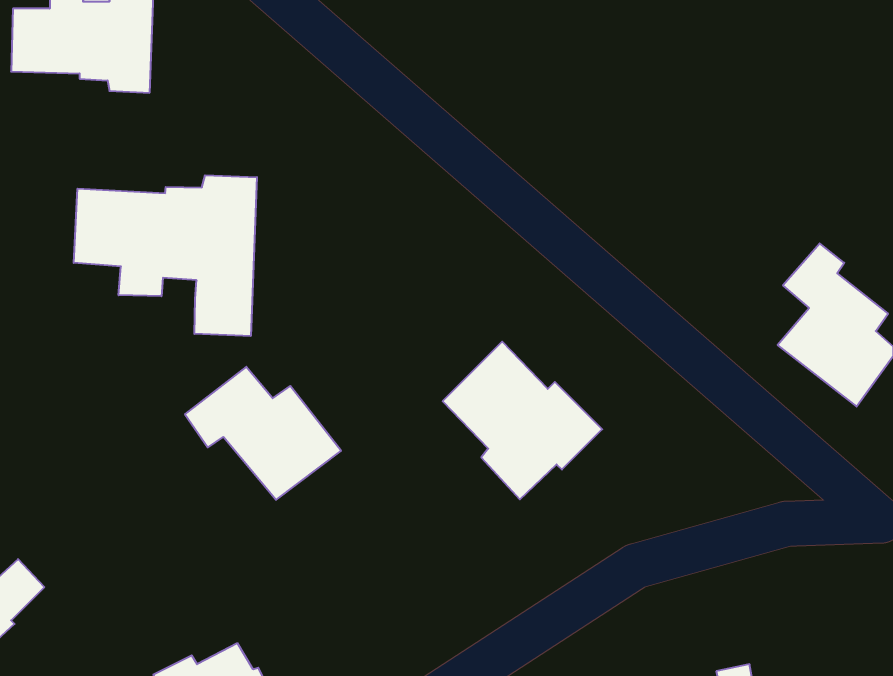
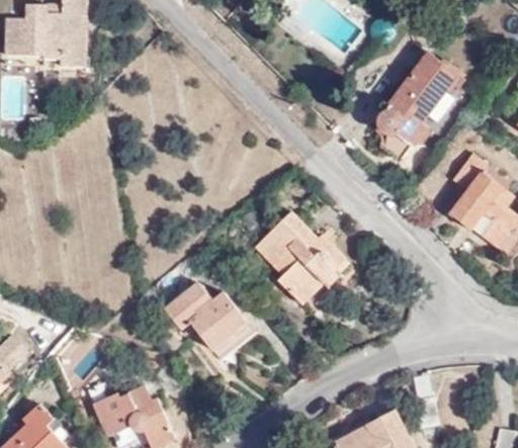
building: none -> [375,51,457,157]
building: [74,175,257,336] -> none
building: [185,367,341,500] -> [163,282,253,359]

